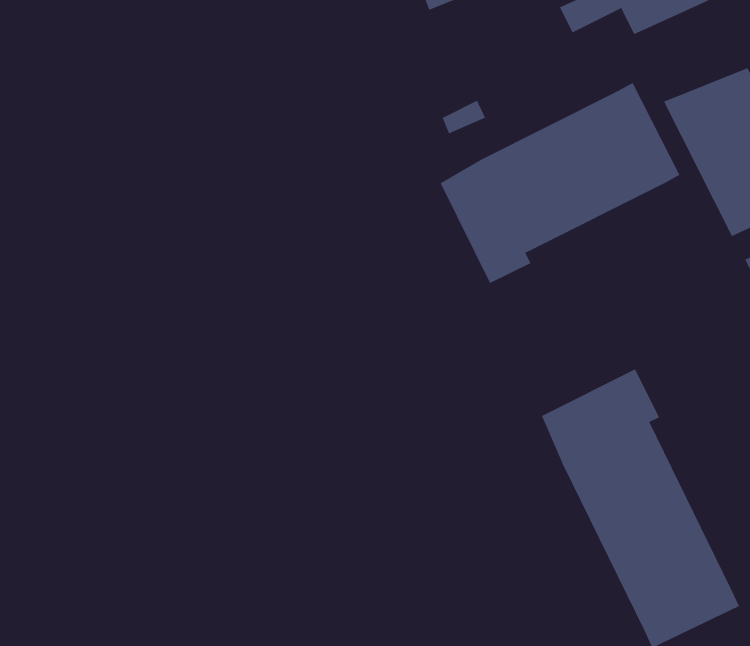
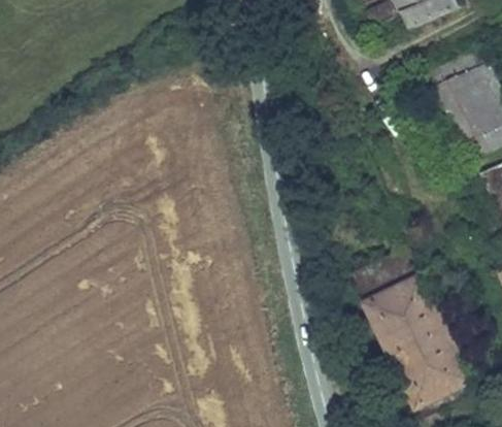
building: [440,82,680,284] -> none

